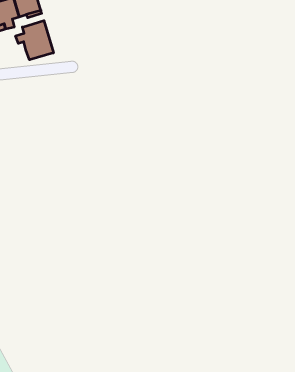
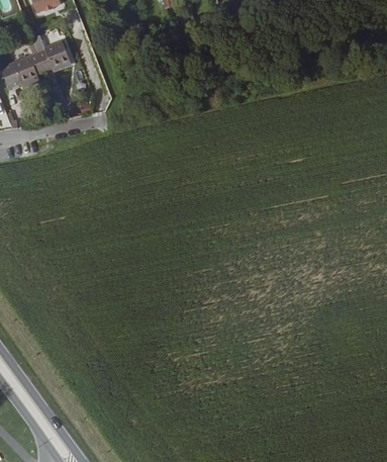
building: [16,21,53,60] -> none

